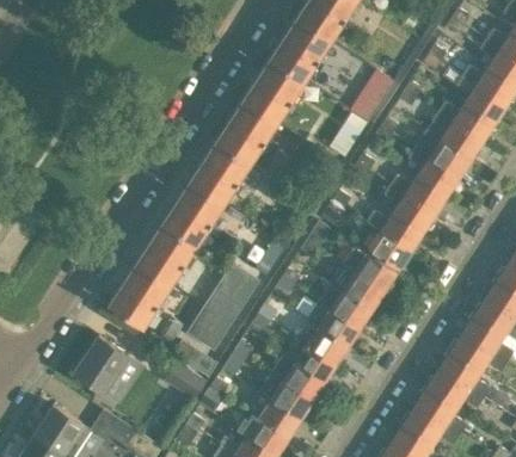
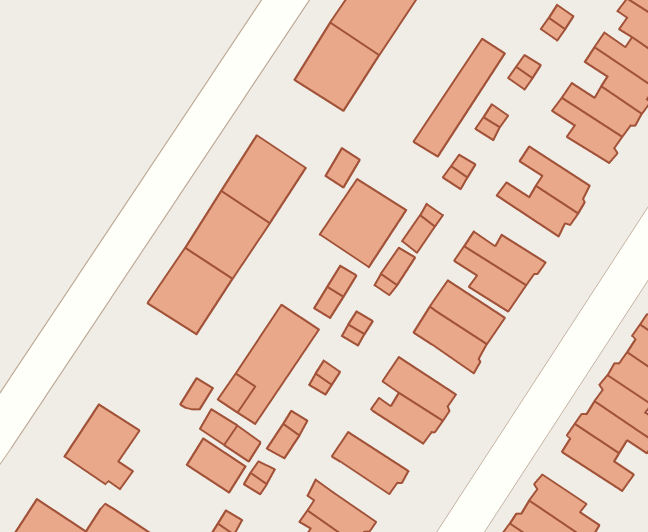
building: [215,99,278,163] -> [320,179,406,267]
building: [414,137,473,177] -> none
building: [383,184,436,233] -> none
building: [109,263,171,327] -> none
building: [319,284,374,329] -> none
building: [282,340,337,385] -> none
building: [424,371,483,409] -> none
building: [265,375,312,422] -> none

